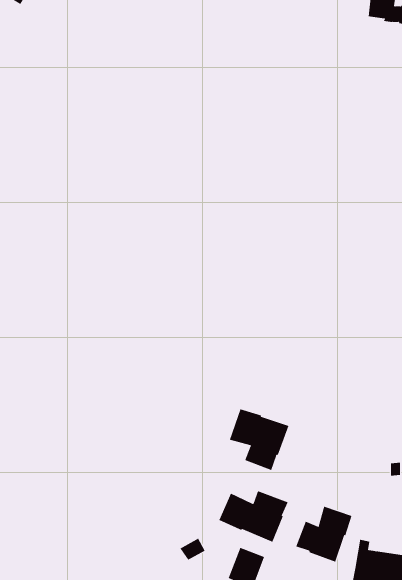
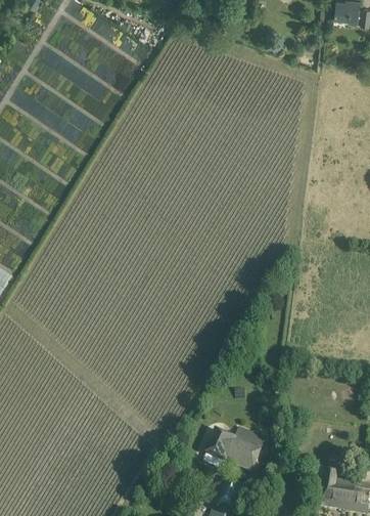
building: [229,408,289,471] -> none
building: [295,506,352,562] -> none

